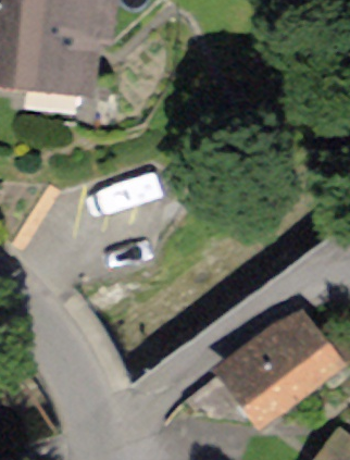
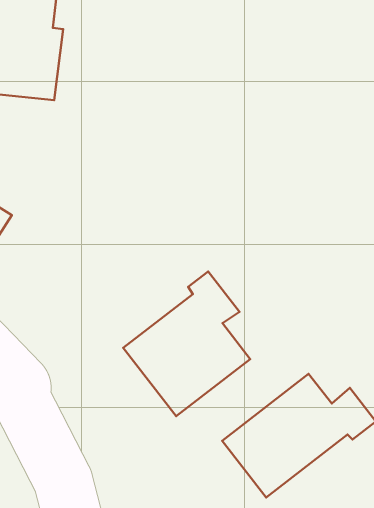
building: none -> [123,272,250,416]

